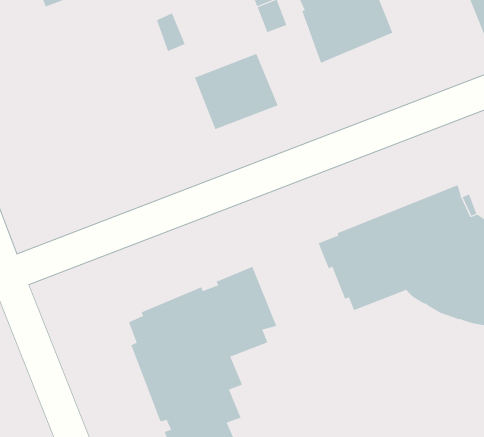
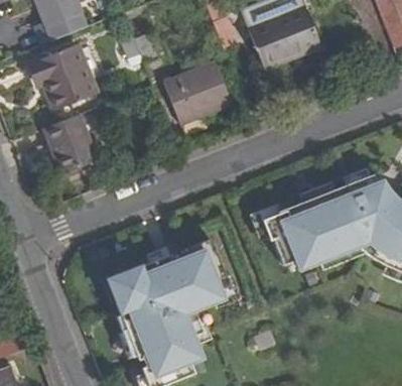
building: none -> [31,44,97,110]
building: none -> [45,115,101,176]

